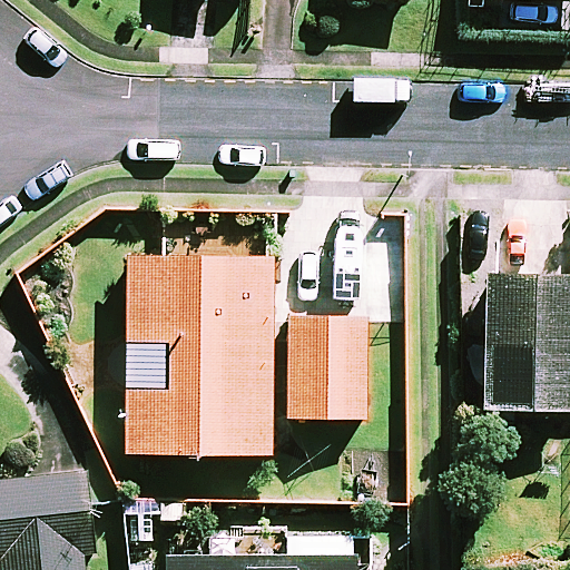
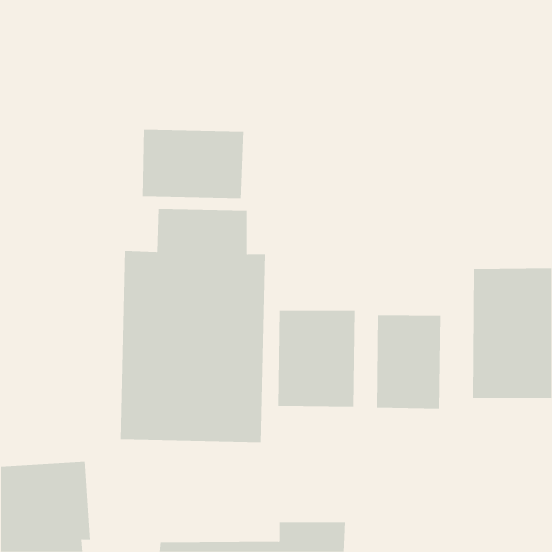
building: none -> [142,129,244,199]
building: none -> [376,315,441,410]

